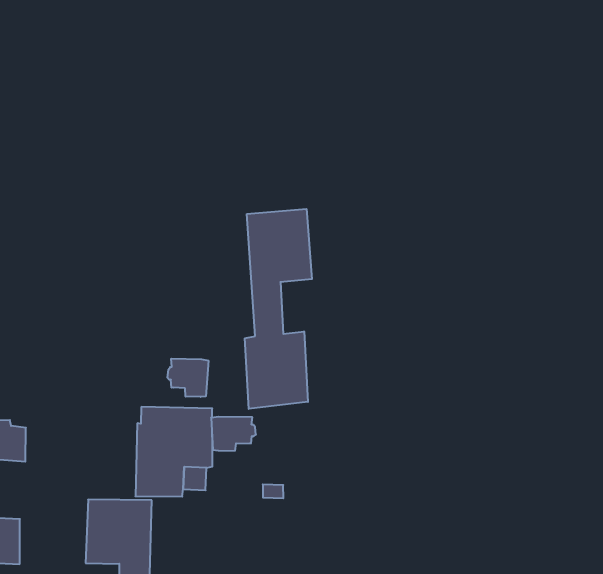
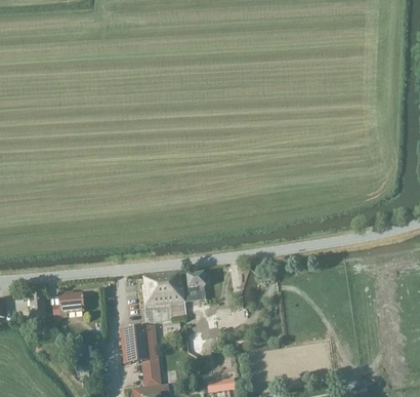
building: [245,209,312,409] -> none
building: [167,359,208,397] -> none

